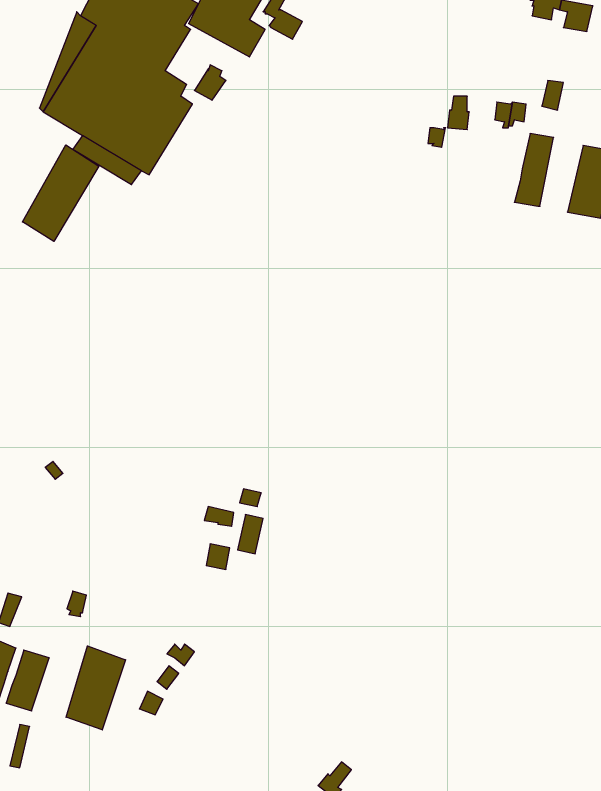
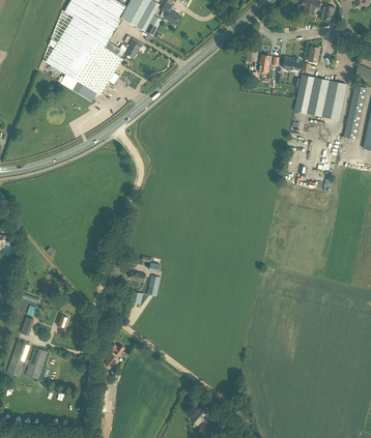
building: none -> [306,77,329,116]
building: [22,145,99,241] -> none
building: [66,646,126,730] -> none

